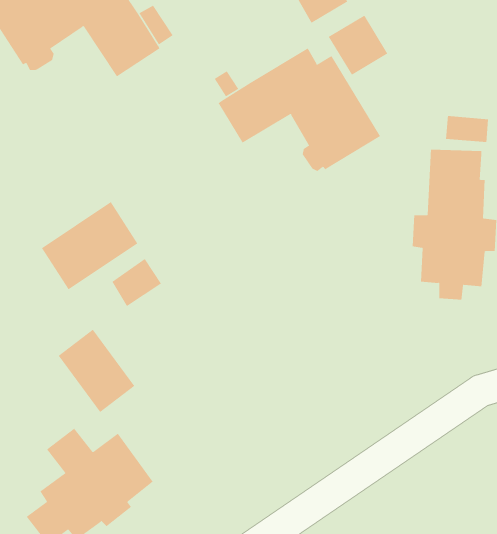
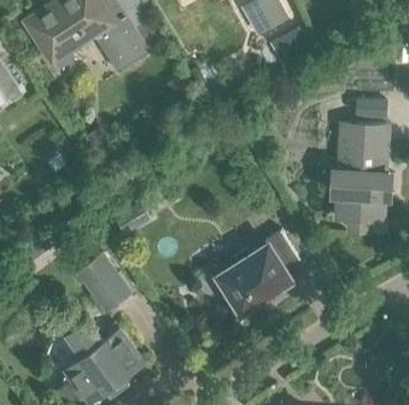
building: [218,48,381,172] -> none
building: [41,201,138,290] -> none
building: none -> [218,230,299,311]

